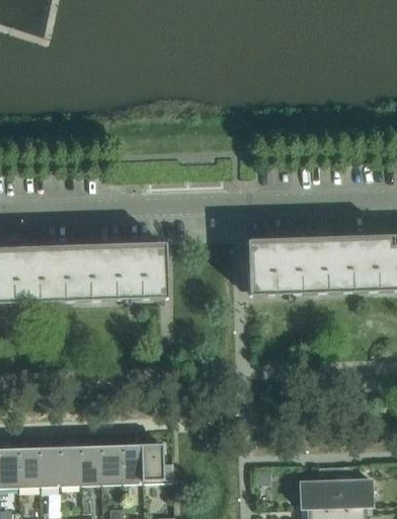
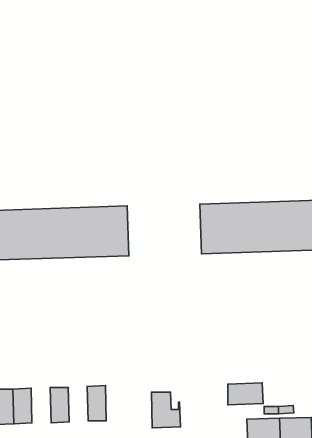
building: none -> [228,383,263,405]
building: [141,442,173,481] -> [151,392,180,428]
building: [99,443,122,483] -> none
building: [58,444,80,484] -> none

